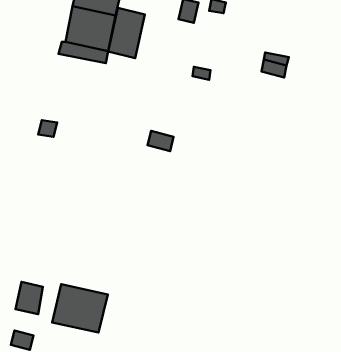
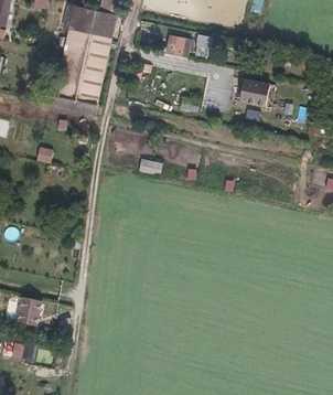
building: [108,8,145,58] -> none
building: [52,284,108,333] -> none

